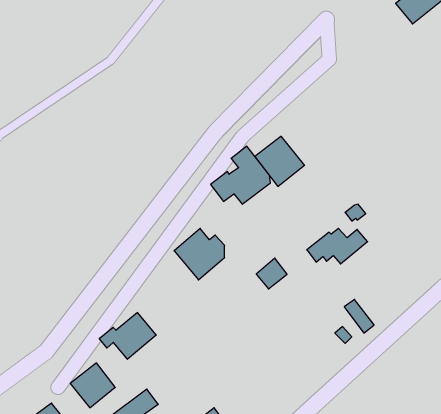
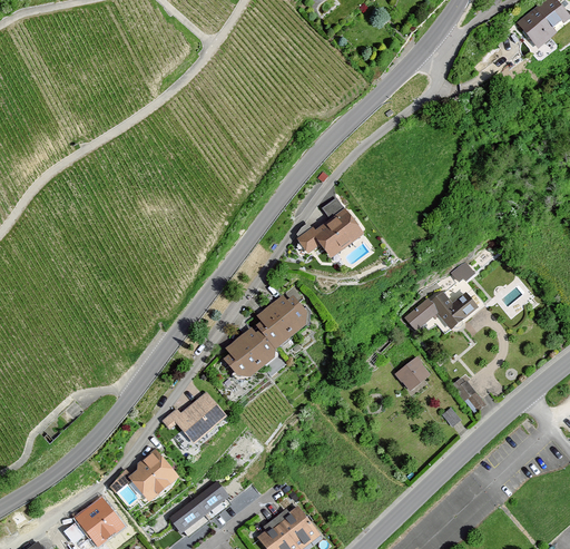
building: [255,136,304,186] -> none
building: none -> [218,317,284,380]
building: [256,258,287,289] -> [394,356,431,393]

